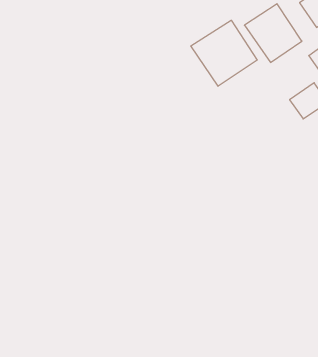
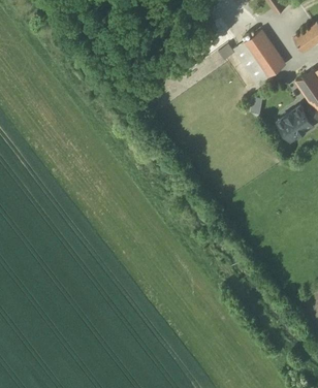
building: [191,20,257,86] -> none

